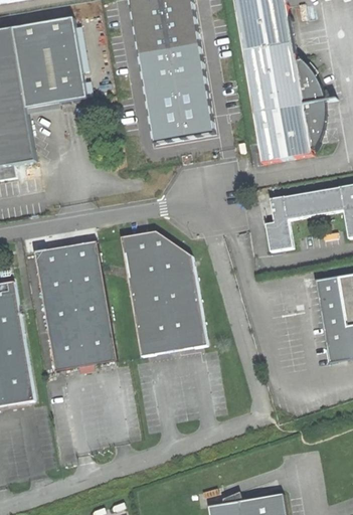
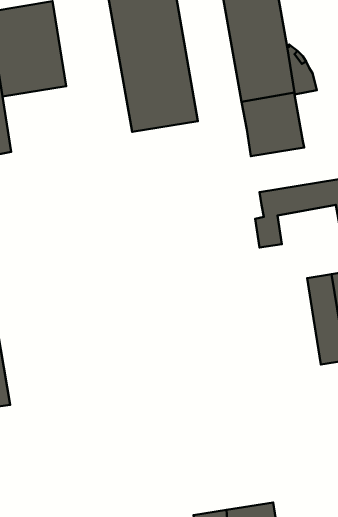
building: [304,102,327,152] -> none
building: [122,233,206,355] -> none
building: [34,240,116,369] -> none

